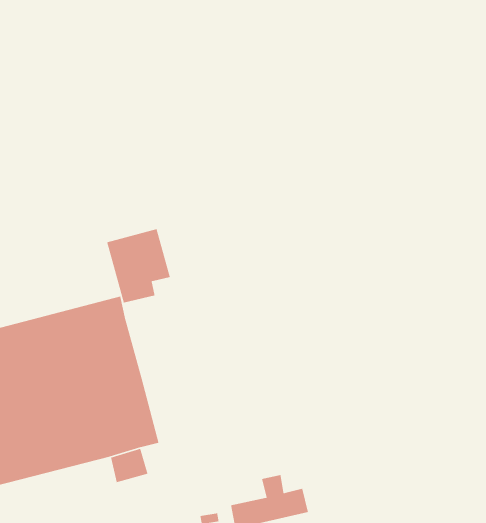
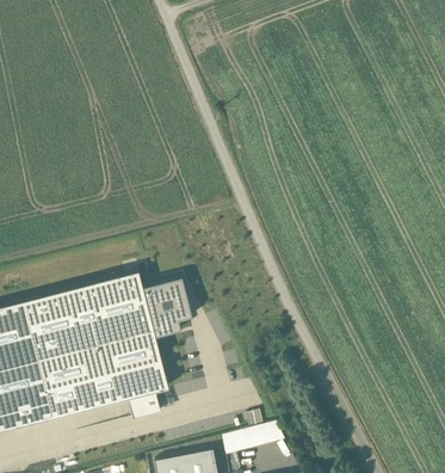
building: [106,228,171,304] -> [141,278,191,337]

